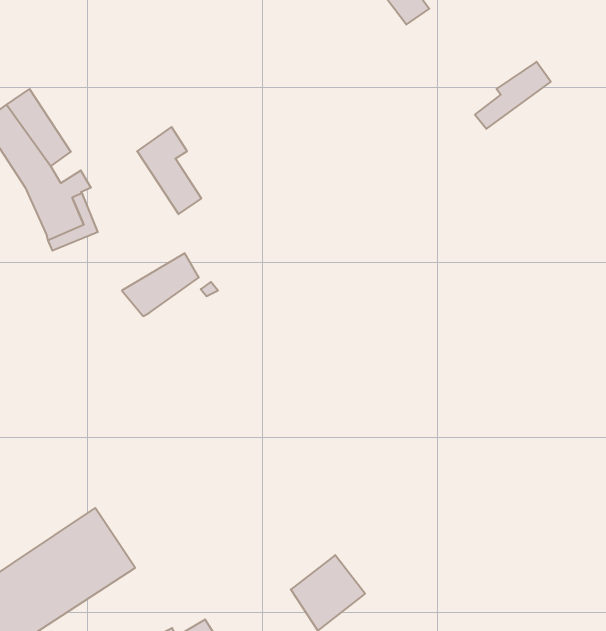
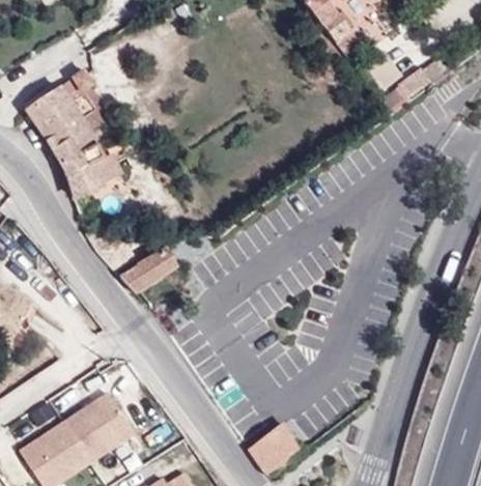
building: [137,127,201,214] -> [60,67,107,131]
building: [122,253,199,316] -> [122,249,178,294]

